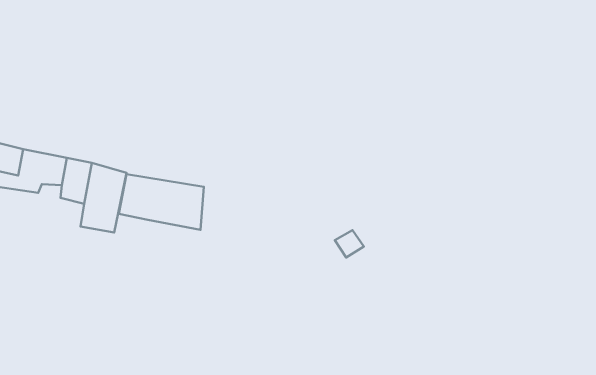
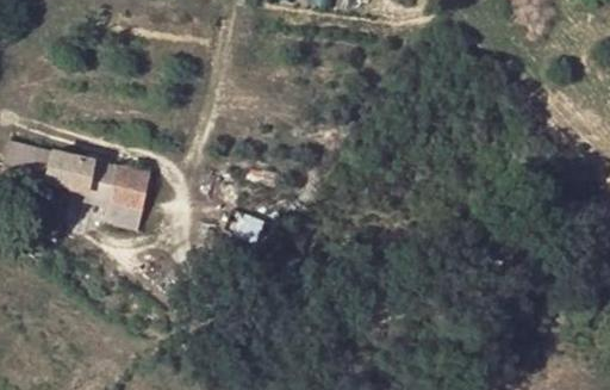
building: [119,174,204,230] -> none

